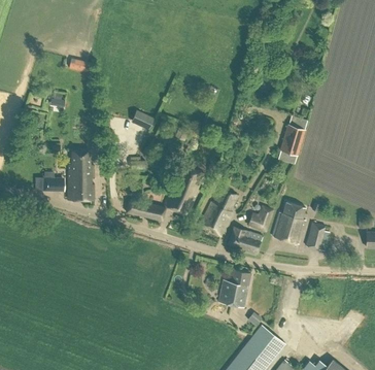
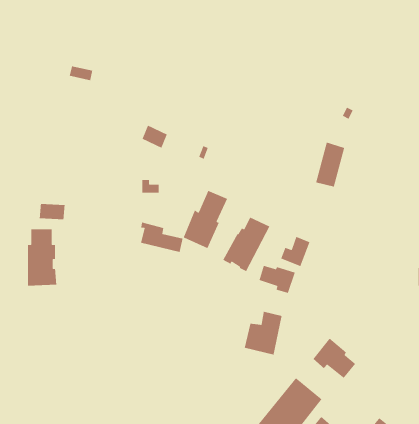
building: [68,149,94,199] -> [27,228,57,286]
building: [272,200,305,242] -> none
building: [305,221,330,250] -> none
building: none -> [313,338,356,379]

